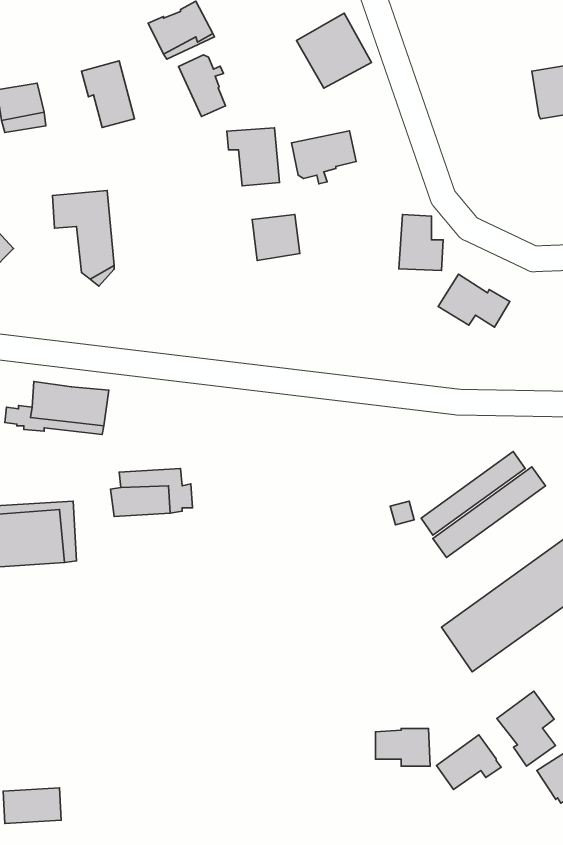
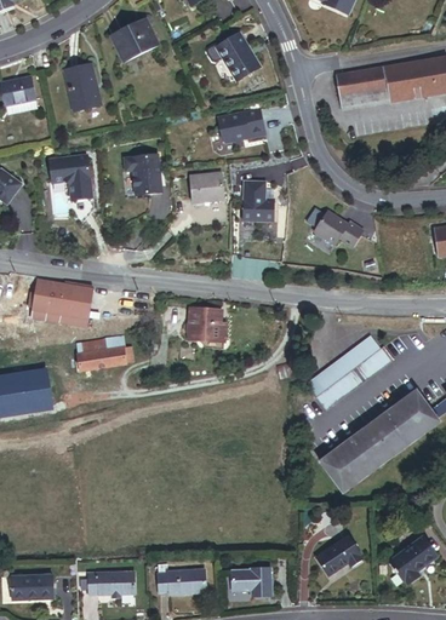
building: [178,55,226,116] -> none
building: none -> [337,65,389,104]
building: [227,128,280,186] -> [122,151,160,193]
building: [399,214,443,271] -> [235,179,267,219]
building: none -> [193,308,233,331]
building: [497,691,556,766] -> none
building: [375,728,430,766] -> [231,569,270,596]
building: none -> [158,569,204,593]
building: none -> [86,570,132,593]

